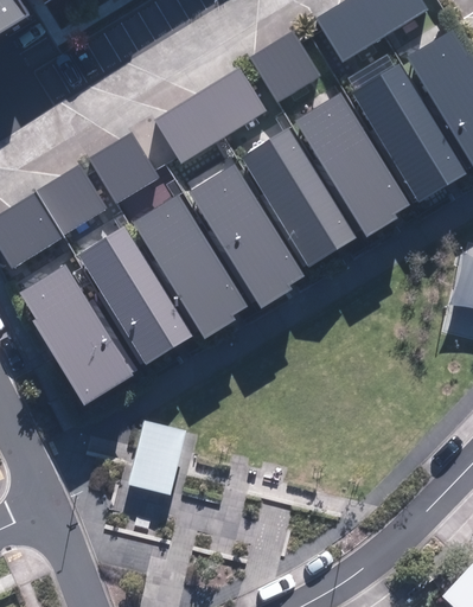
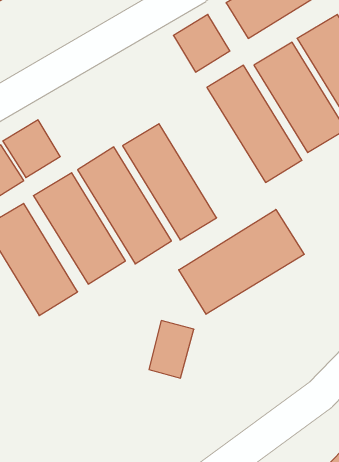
building: [155,66,267,162] -> none
building: [241,129,353,267] -> none
building: [90,132,161,203] -> none
building: none -> [179,209,304,314]
building: [133,421,188,492] -> [149,321,194,378]

